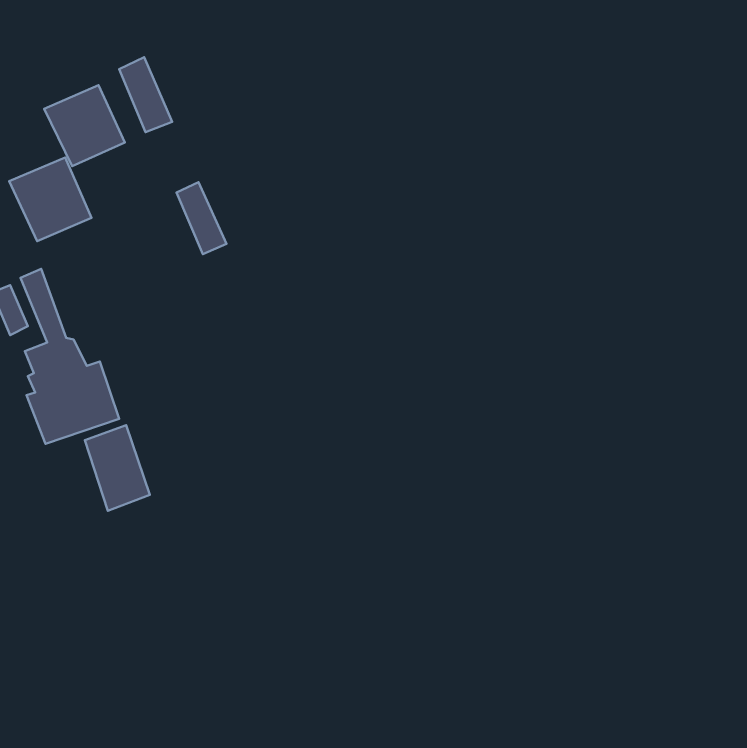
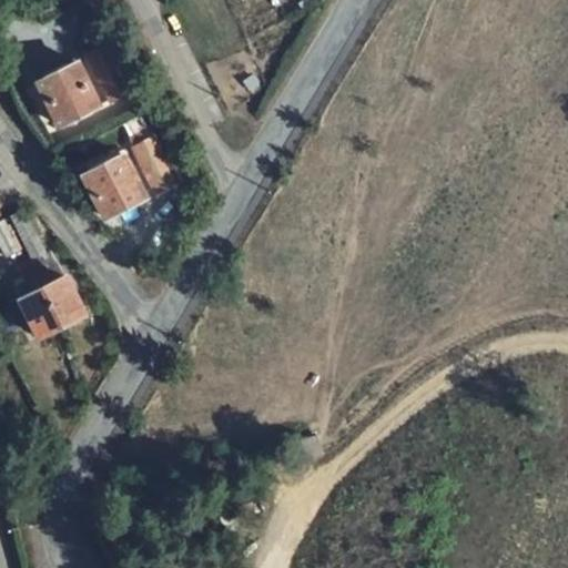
building: [9,158,92,241] -> [75,155,138,219]
building: [85,425,150,511] -> none

